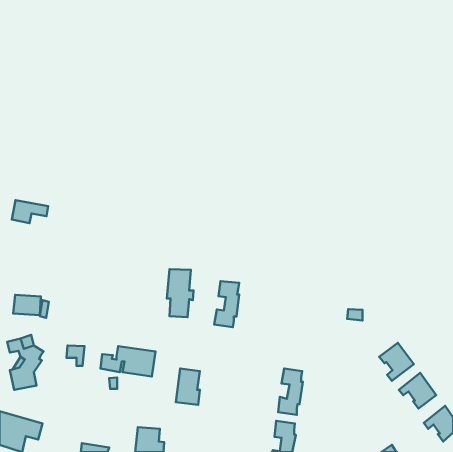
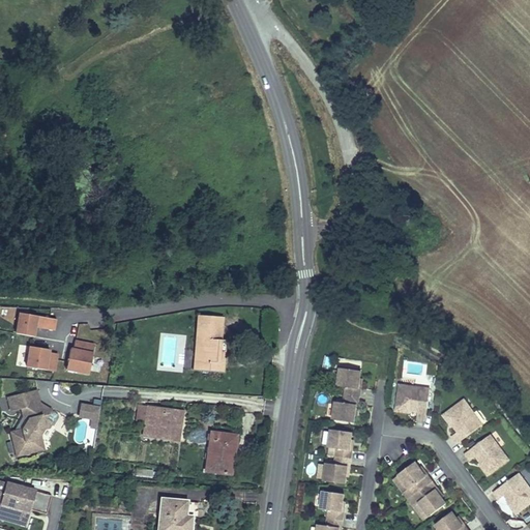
building: [12,200,48,223] -> [12,311,55,337]
building: [214,281,239,327] -> [332,369,361,422]
building: none -> [65,337,92,374]
building: none -> [395,385,430,421]
building: none -> [398,462,445,517]

